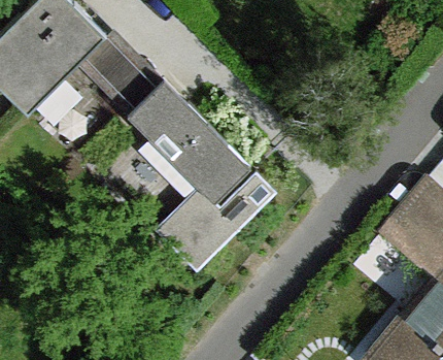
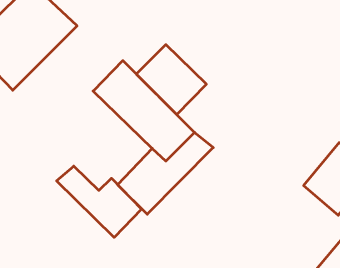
building: [77,32,163,118] -> [136,45,206,115]
building: none -> [57,166,142,237]

